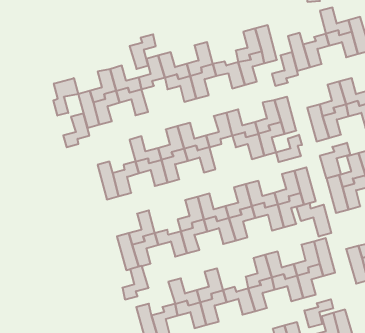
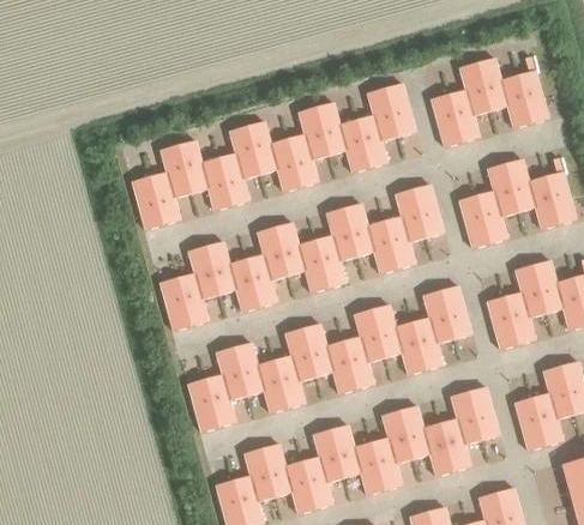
building: [130,34,156,69] -> [222,157,259,206]
building: none -> [315,102,360,140]
building: [272,52,298,86] -> [447,62,484,110]
building: [53,78,78,116] -> none
building: [63,114,89,147] -> [176,246,213,294]
building: [276,135,302,162] -> none
building: none -> [319,240,356,288]
building: [320,143,350,178] -> none
building: [296,203,331,237] -> none
building: none -> [233,342,278,381]
building: none -> [330,424,374,463]
building: [122,266,149,299] -> [233,448,270,496]
building: [304,299,333,327] -> none

